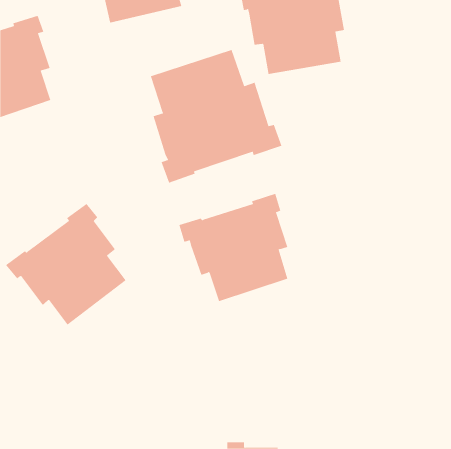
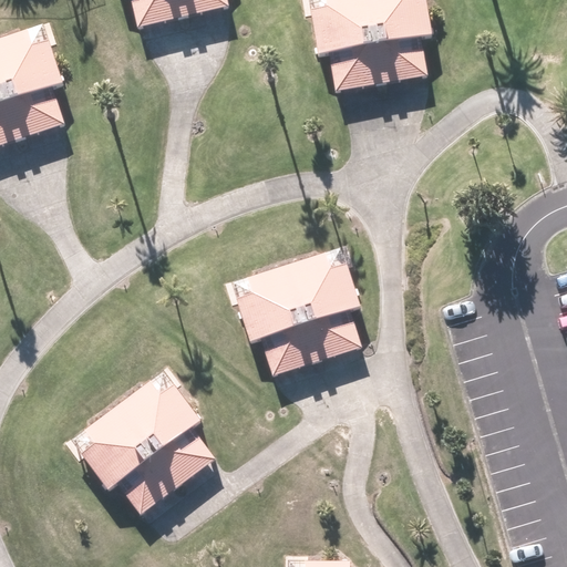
building: [150,49,282,184] -> none
building: [5,203,126,325] -> [63,363,215,516]

